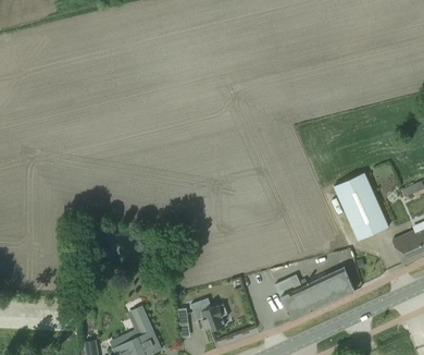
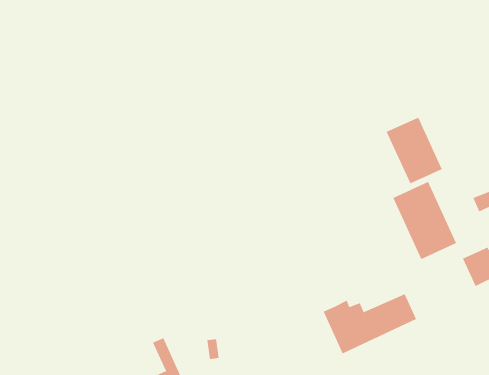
building: none -> [386,117,442,184]
building: [190,302,227,331] -> none

